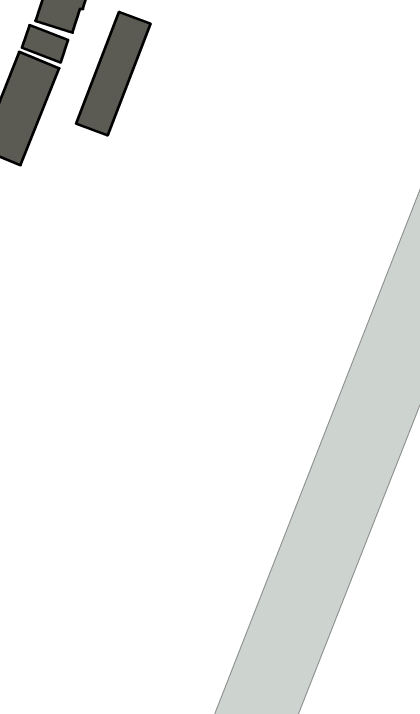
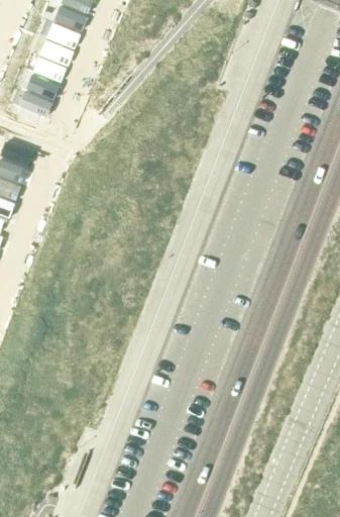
building: [76,12,150,135] -> none

